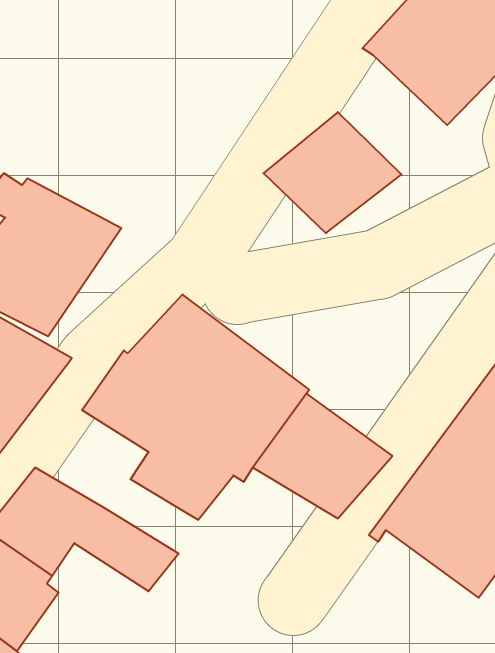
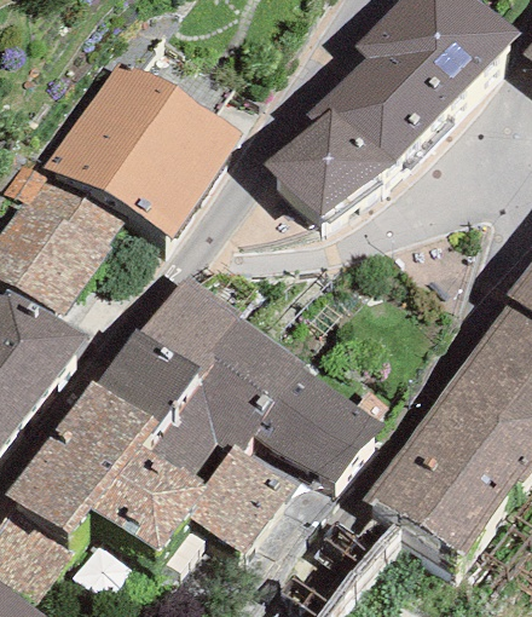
building: none -> [303,54,434,166]
building: none -> [45,64,244,240]
building: none -> [52,382,299,554]

